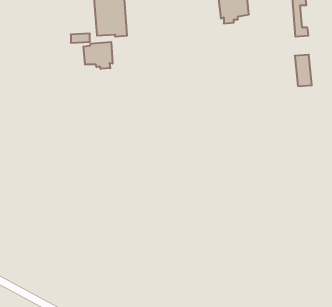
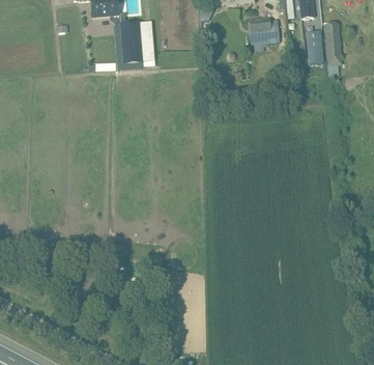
building: [84,42,112,69] -> none
building: [295,55,312,86] -> [306,31,323,63]

